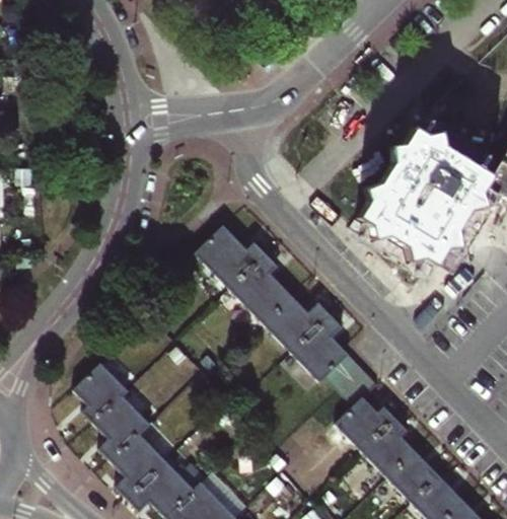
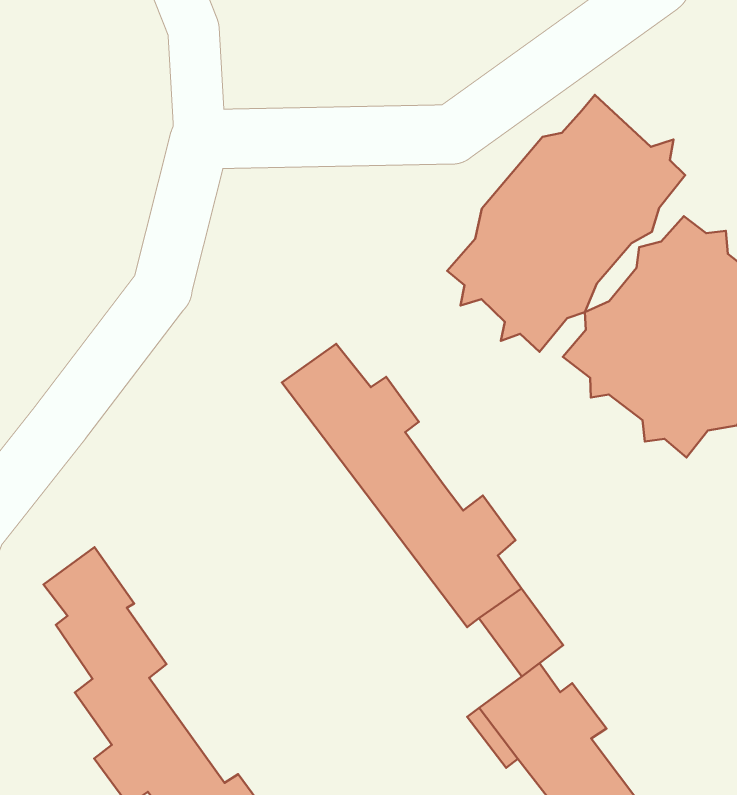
building: none -> [447,95,685,352]

